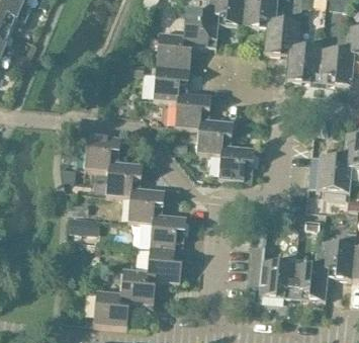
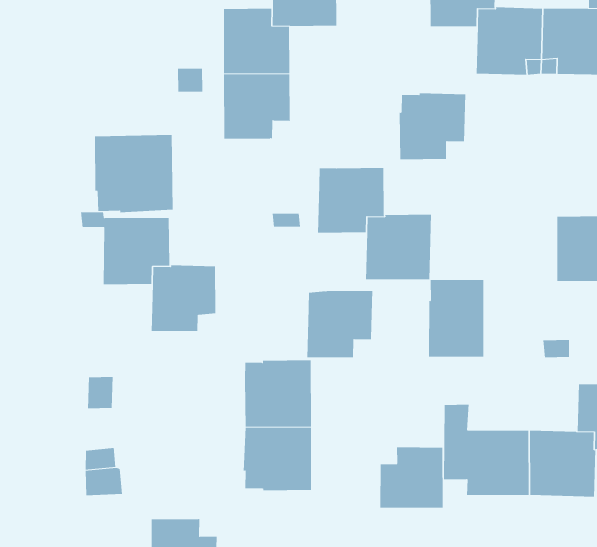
building: none -> [94,134,173,213]
building: [174,92,211,127] -> [399,93,466,160]
building: none -> [429,279,484,358]
building: [126,188,164,224] -> [307,290,373,358]
building: none -> [380,447,443,509]
building: [120,268,155,306] -> none

